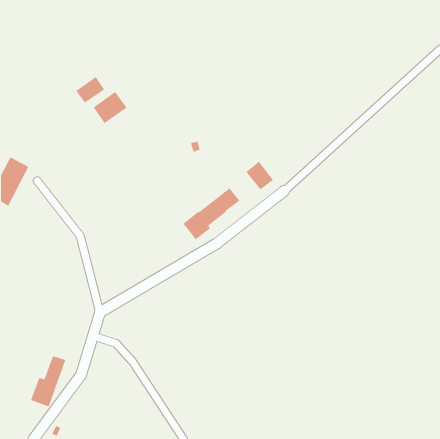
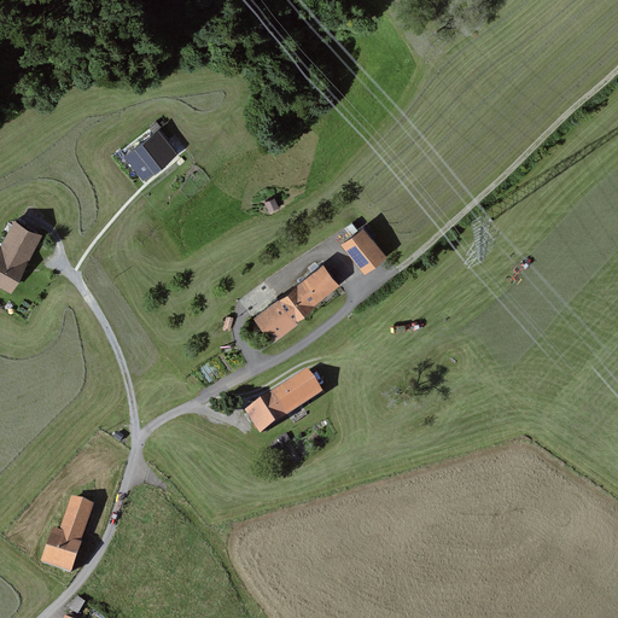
building: [75,76,105,103] -> none
building: none -> [246,371,321,431]

